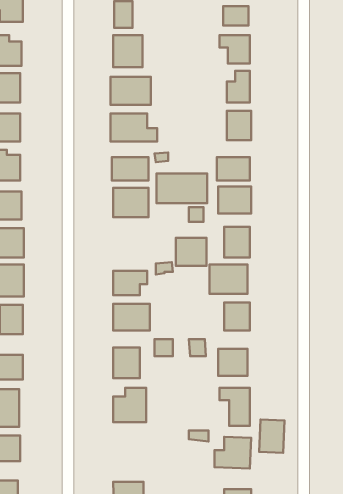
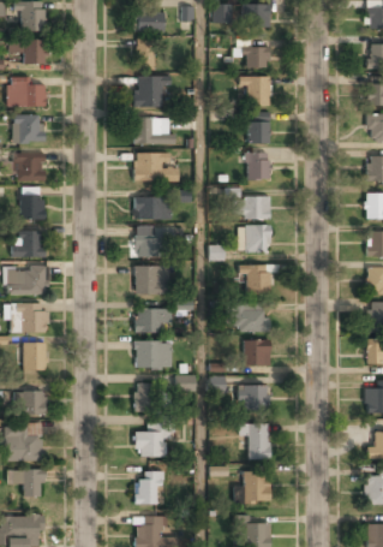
building: [156,173,207,203] -> none
building: [176,238,206,266] -> [136,264,166,292]
building: [259,420,285,453] -> none
building: none -> [138,470,161,505]

